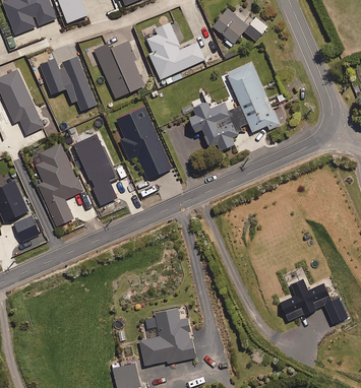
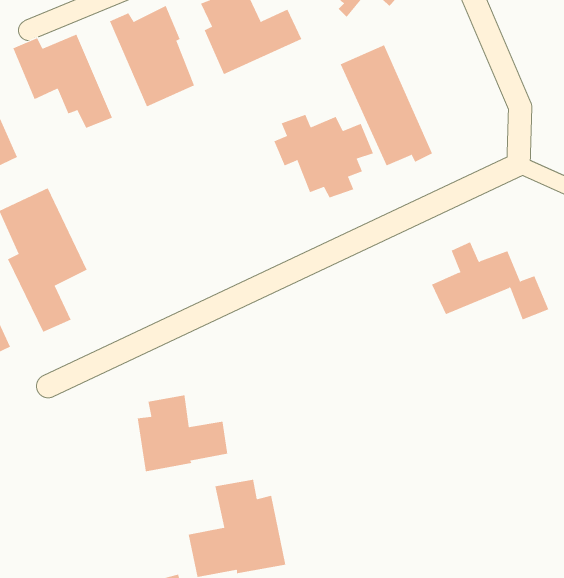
building: [116,107,171,179] -> none
building: [73,133,117,206] -> none
building: none -> [137,394,228,472]
building: [280,278,347,323] -> [431,242,549,320]

